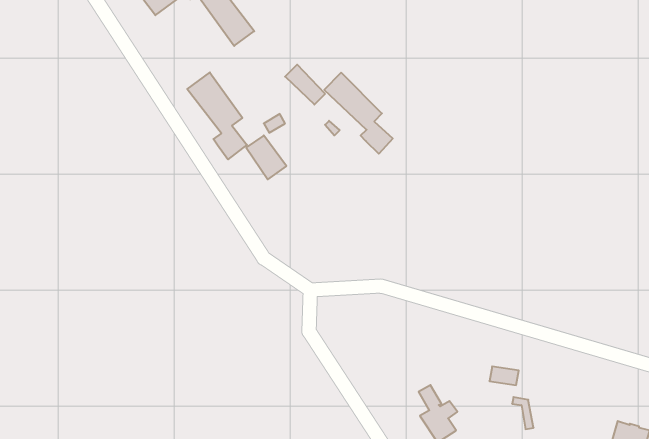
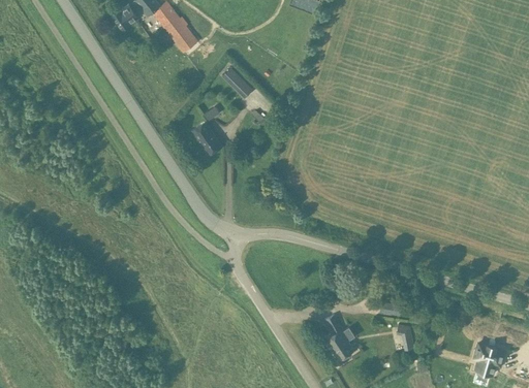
building: [187,72,247,159] -> none
building: [324,73,393,154] -> none

